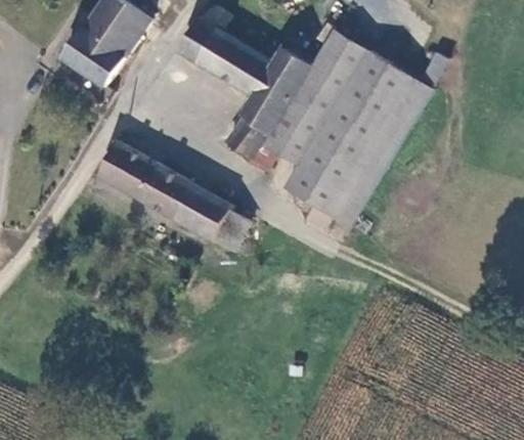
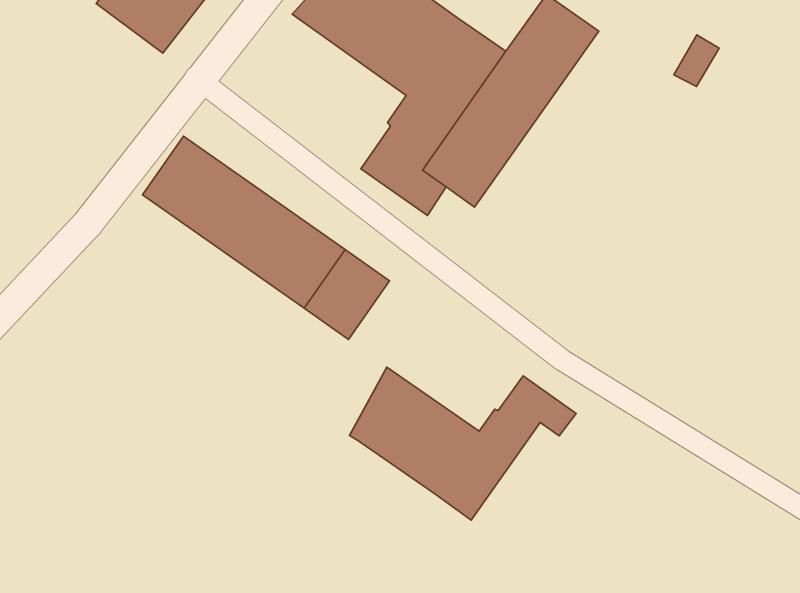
building: [290,53,433,225] -> none
building: none -> [350,367,576,520]

